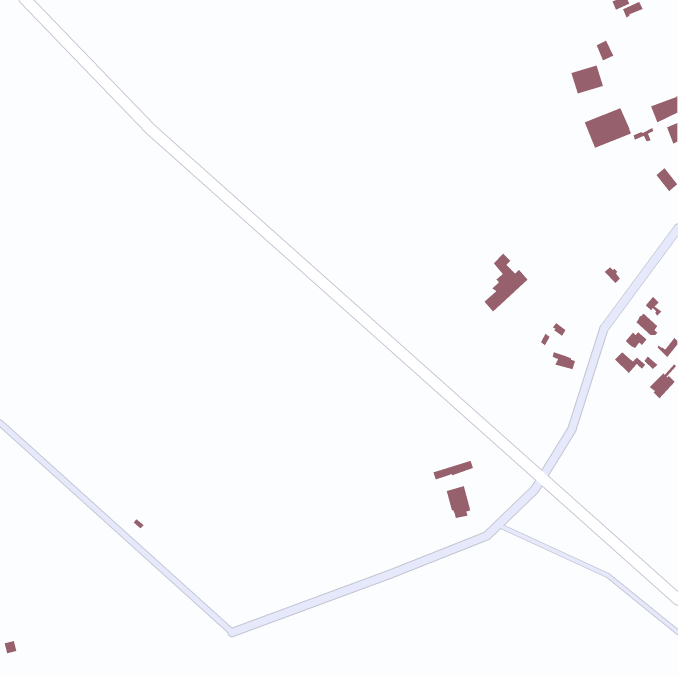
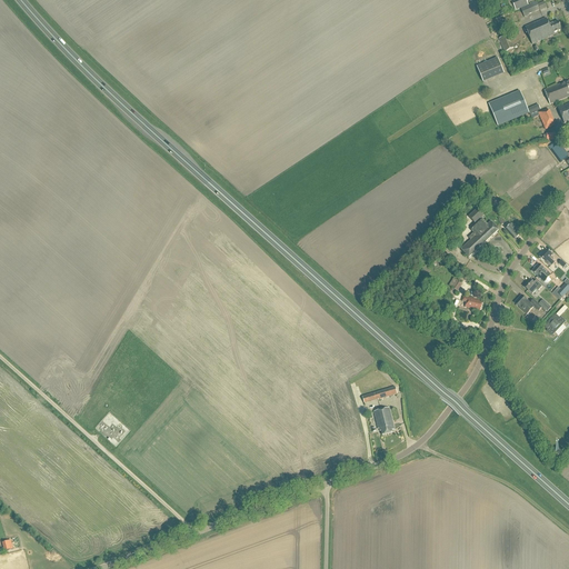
building: none -> [525,17,561,43]
building: [483,253,529,313] -> [461,207,499,257]

